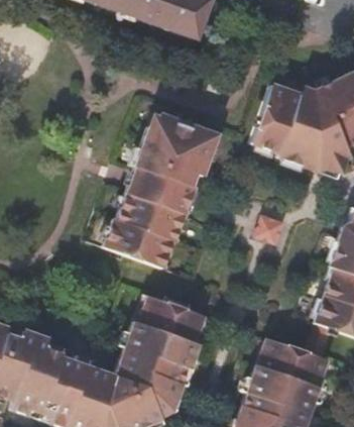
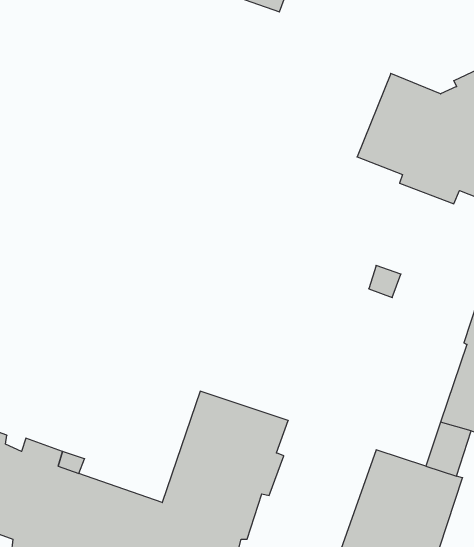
building: [103,109,220,263] -> none

